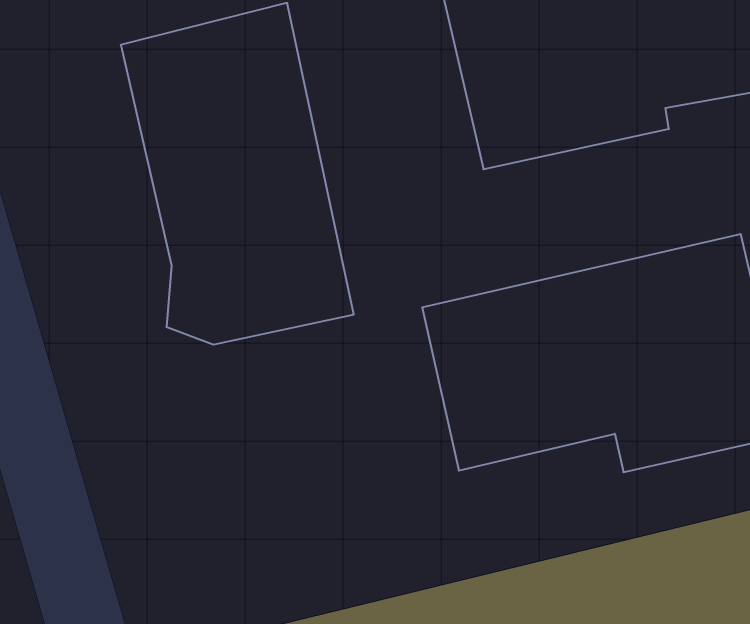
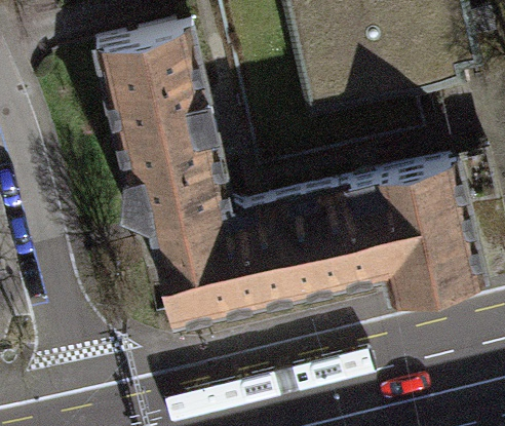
building: none -> [150,201,294,323]

